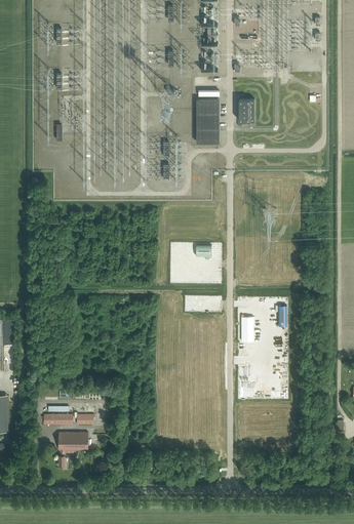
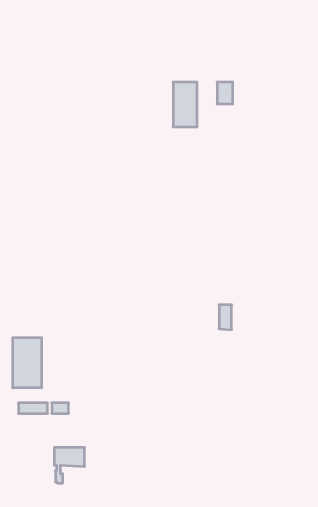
building: none -> [13,338,42,388]
building: [57,433,87,468] -> [54,448,85,483]

